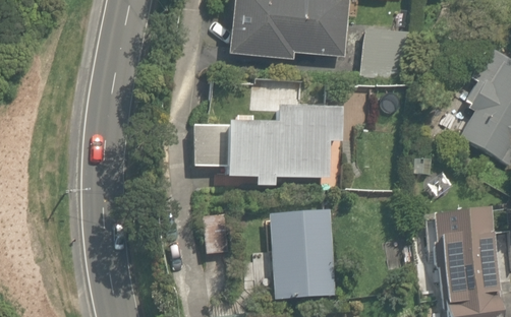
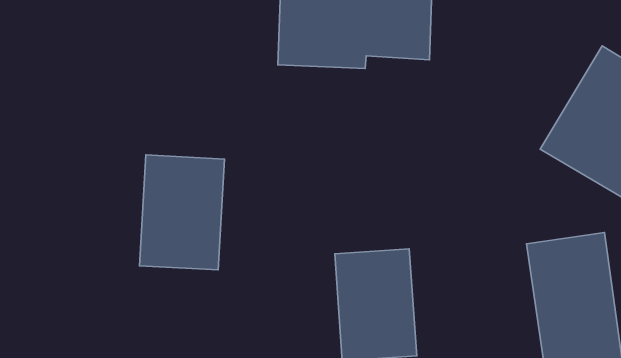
building: [219,87,342,187] -> none
building: none -> [139,155,224,270]

